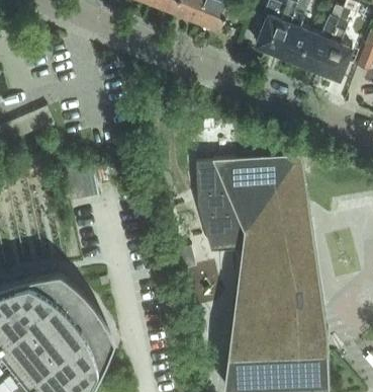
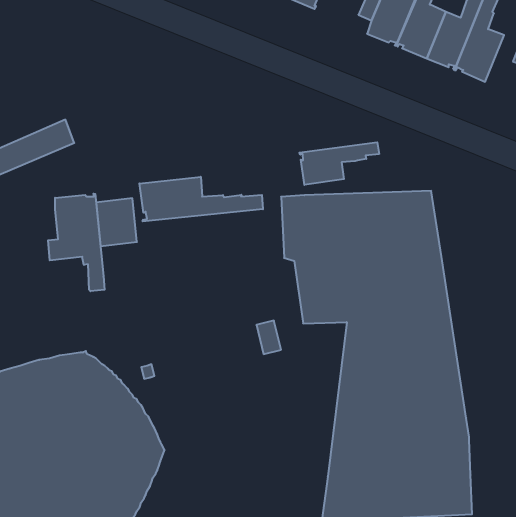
building: none -> [299,142,379,185]
building: none -> [139,177,263,221]
building: none -> [48,194,105,291]

